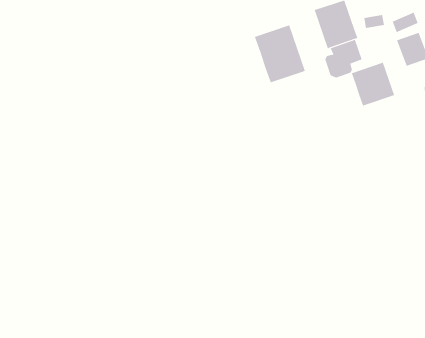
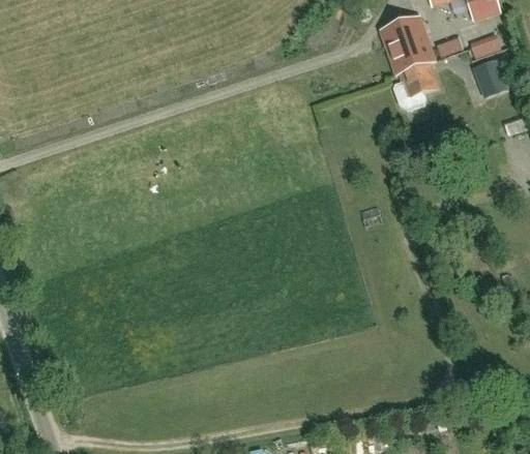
building: [254,24,306,83] -> none
building: [351,62,395,106] -> none

